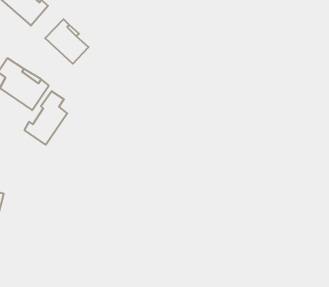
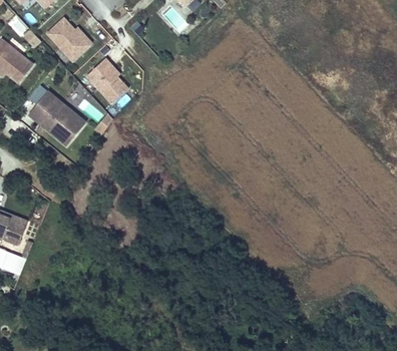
building: [25,91,67,145] -> none

